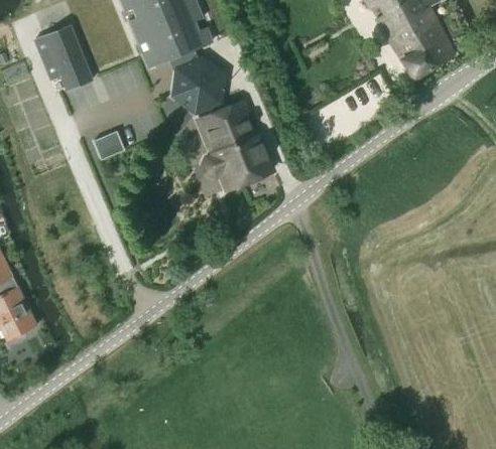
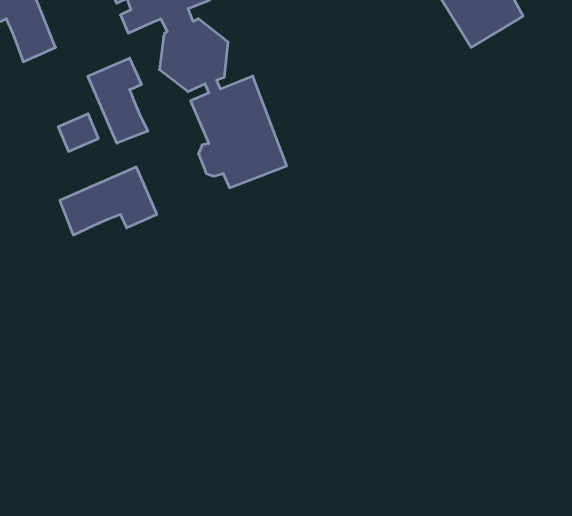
building: none -> [88,58,148,143]
building: none -> [60,167,157,235]

